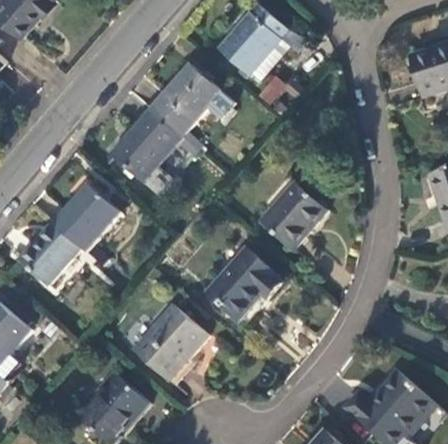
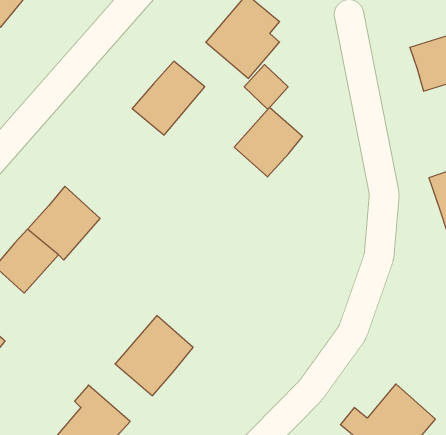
building: [118,110,182,176] -> none
building: [261,185,325,250] -> [234,107,303,177]
building: [207,247,282,318] -> none

